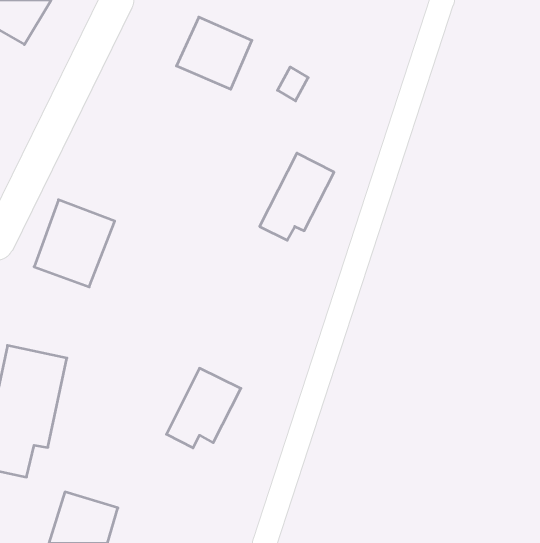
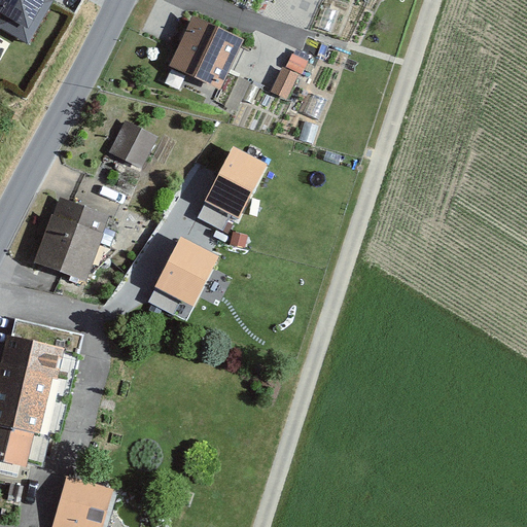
building: none -> [108,118,154,165]
building: [260,153,334,240] -> [194,148,266,233]
building: [166,368,241,448] -> [145,241,217,318]

